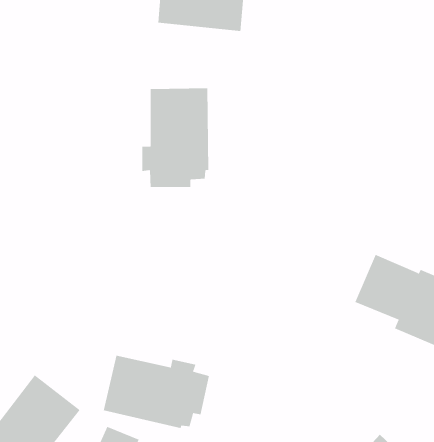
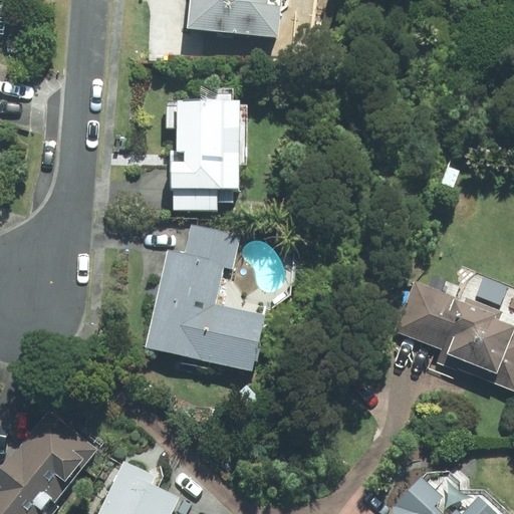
building: none -> [144,225,263,373]
building: [103,355,210,429] -> none

